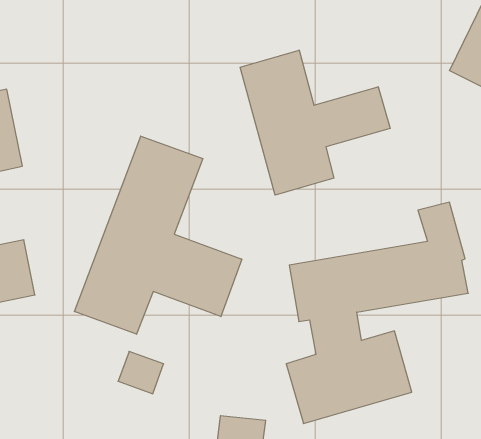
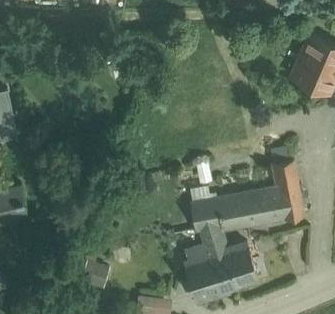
building: [240,50,390,195] -> none
building: [74,136,242,334] -> none

